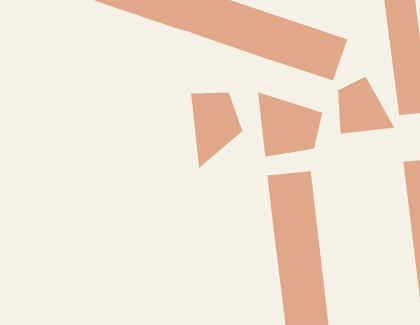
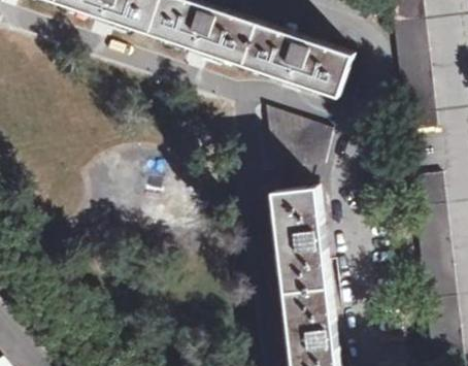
building: [338,76,395,134] -> none
building: [190,92,243,169] -> none

